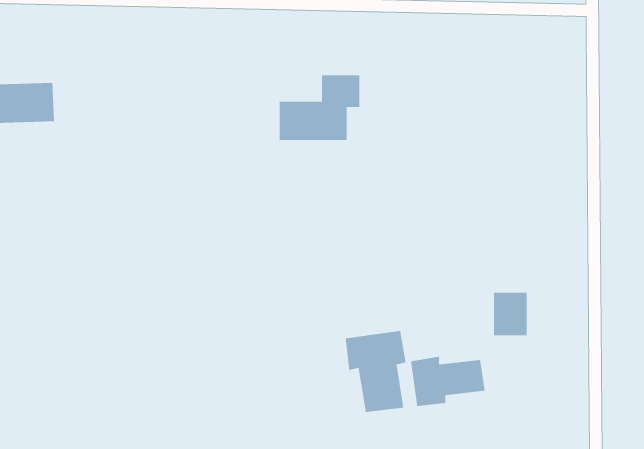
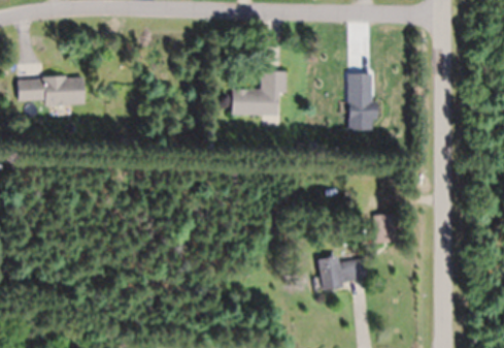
building: none -> [348,73,373,130]
building: [345,330,406,413] -> none

